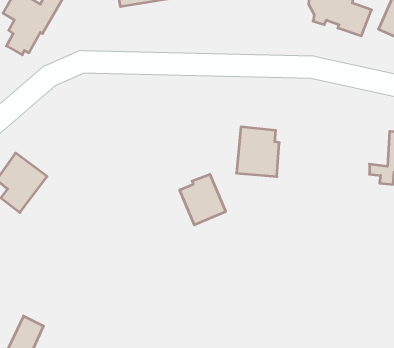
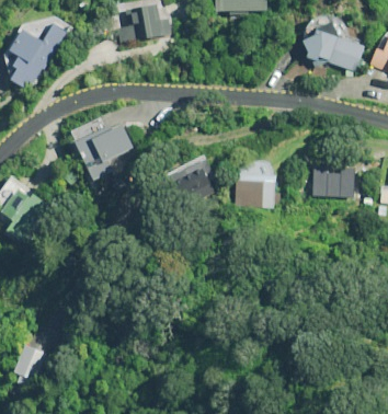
building: none -> [71,117,133,180]
building: none -> [311,153,354,197]
building: [180,174,226,225] -> [173,157,218,206]

